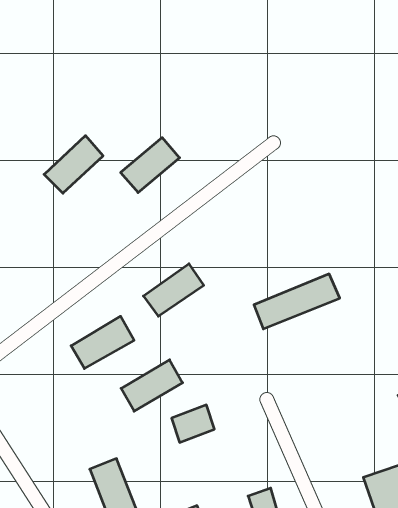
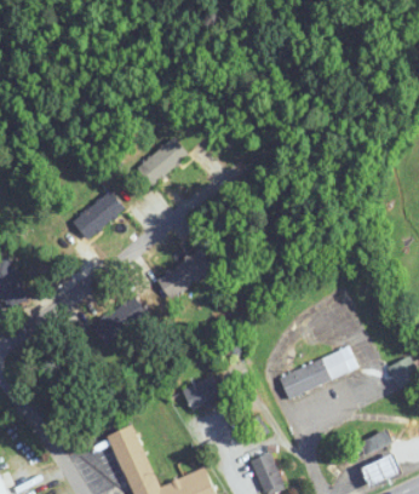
building: [44,136,103,193] -> [70,189,124,241]
building: [254,274,340,329] -> [279,347,356,397]
building: [121,360,183,411] -> none

